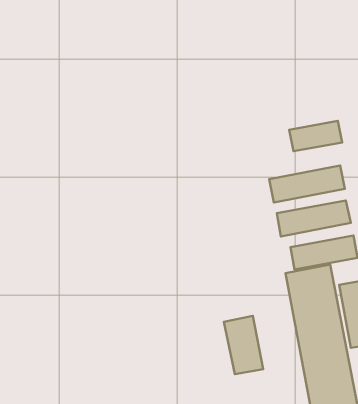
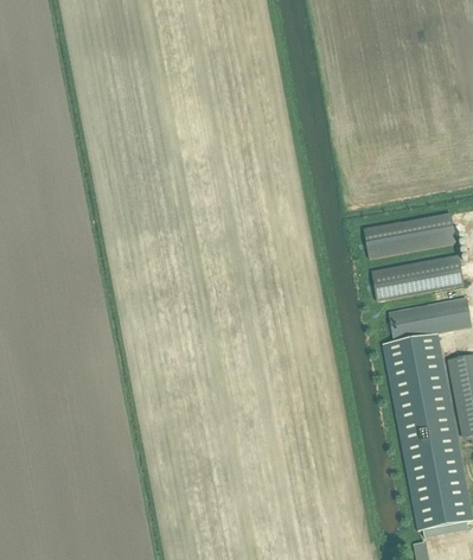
building: [289,121,342,151] -> none
building: [224,316,263,374] -> none

